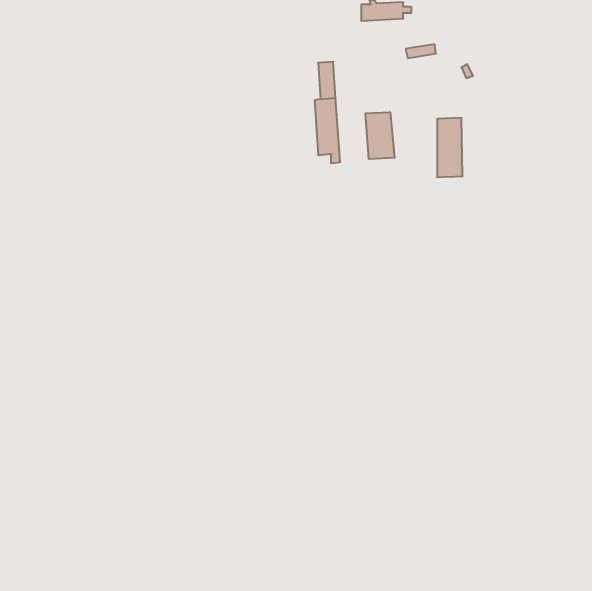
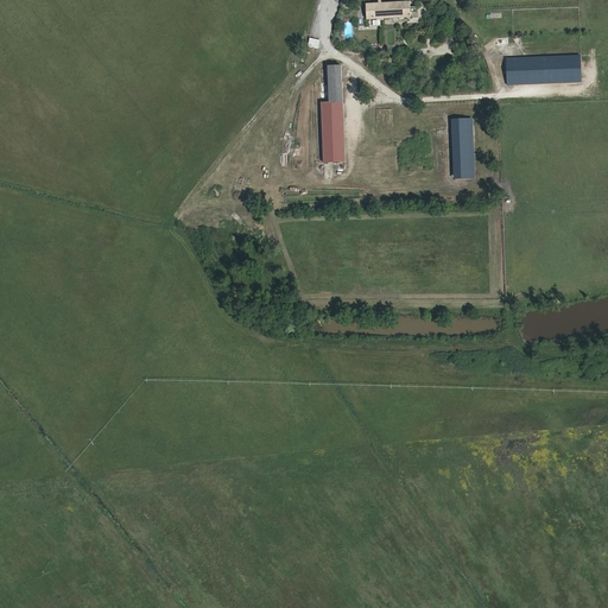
building: none -> [514,53,581,84]
building: [366,112,395,159] -> none

